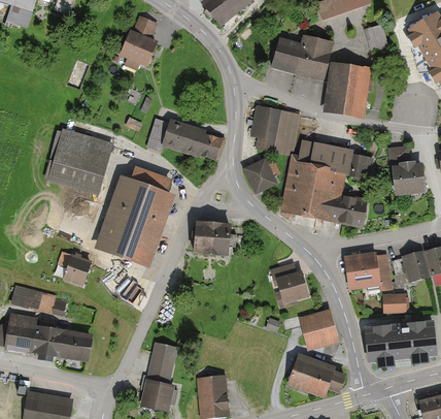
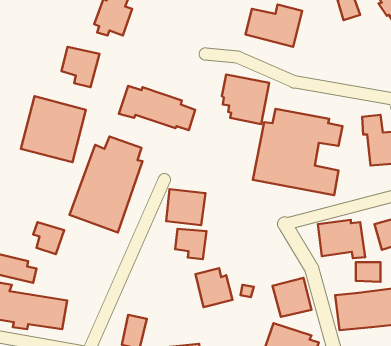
building: [329,65,372,117] -> none
building: none -> [61,47,99,87]
building: [244,156,279,193] -> none
building: none -> [175,229,206,259]
building: [270,262,307,301] -> [195,268,232,307]

